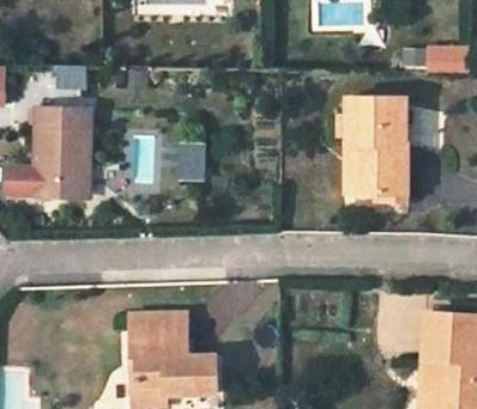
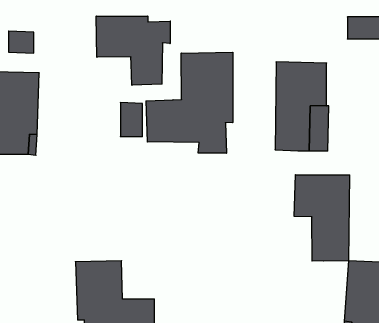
building: none -> [96,16,170,85]
building: none -> [146,52,233,153]
building: none -> [294,175,350,261]

